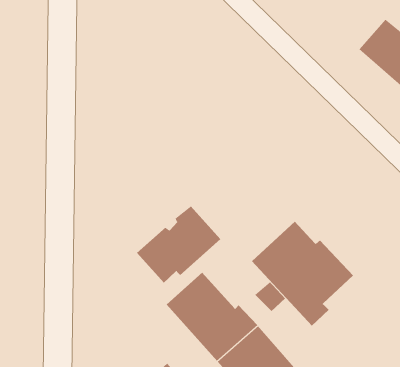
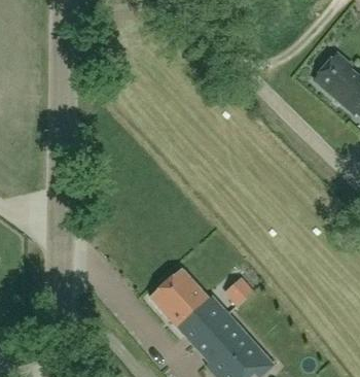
building: [136,206,221,284] -> none
building: [251,221,354,327] -> none

